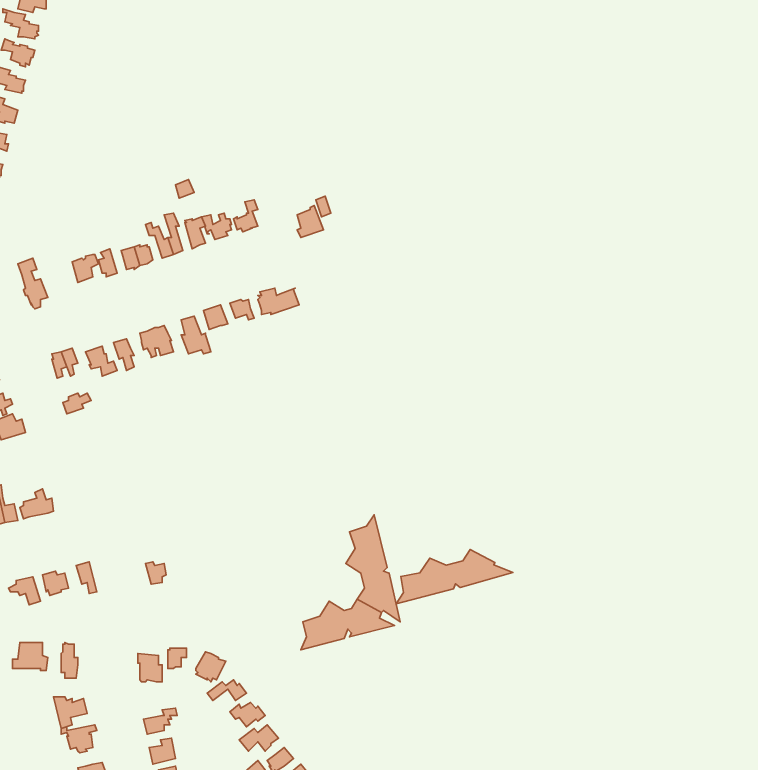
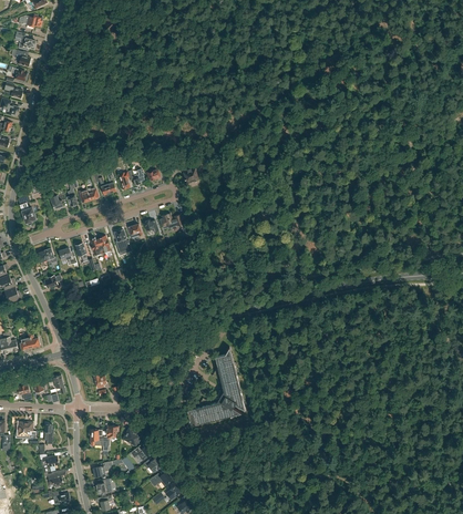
building: [396,550,513,604] -> none

